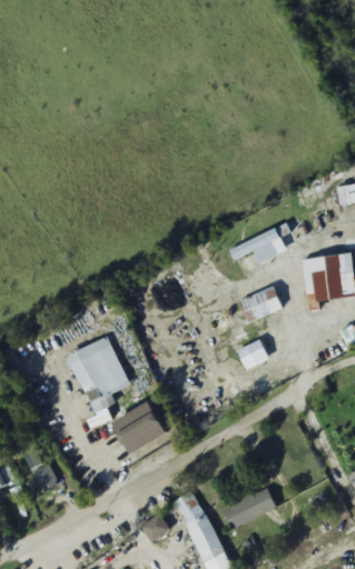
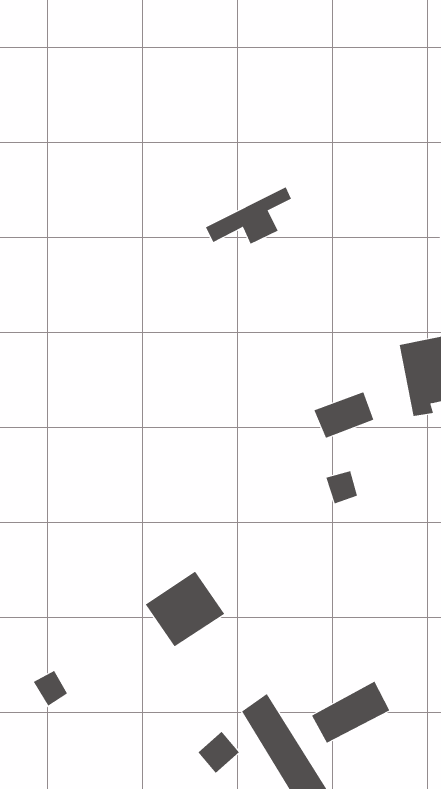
building: [229,224,290,262] -> [205,186,292,245]
building: [68,337,129,430] -> none

